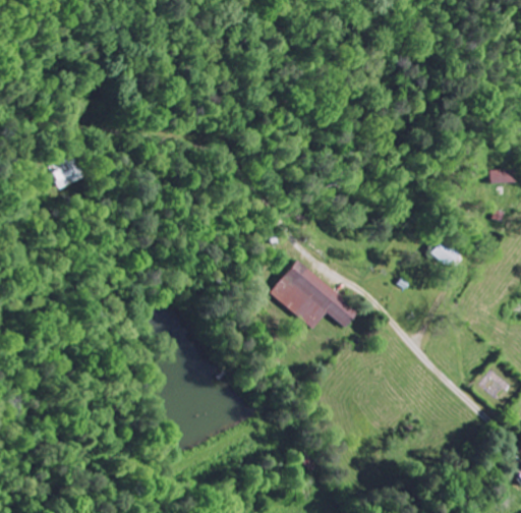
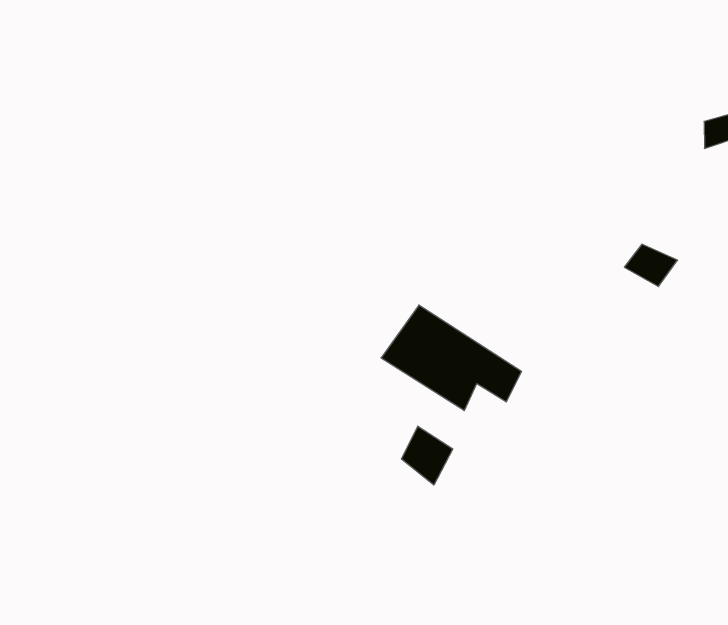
building: [49,158,84,189] -> none
building: none -> [402,426,453,485]

